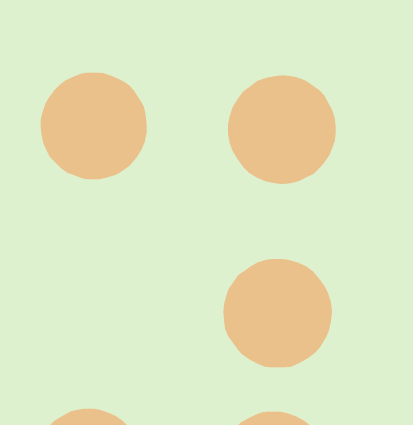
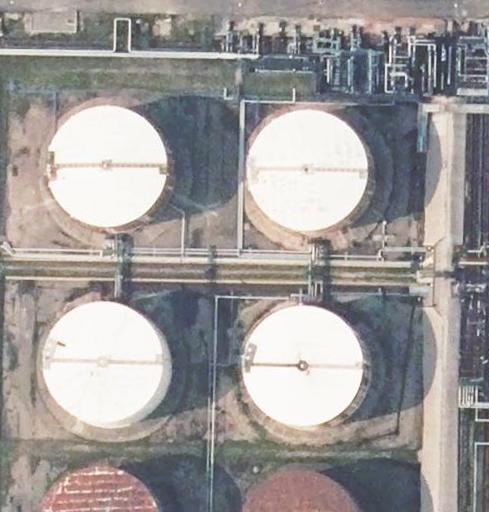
building: none -> [48,304,162,418]

